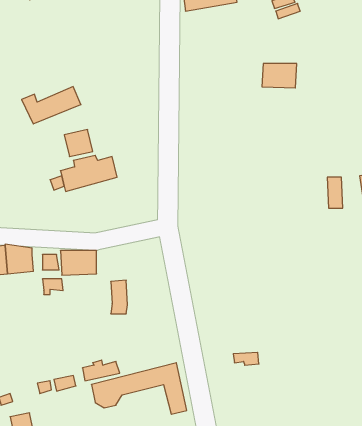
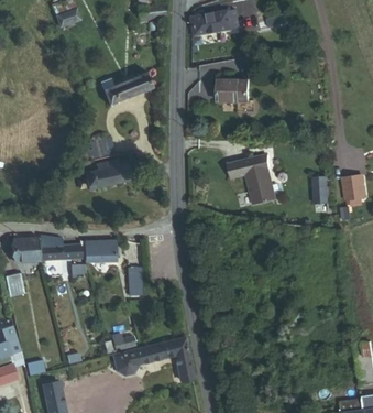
building: [262,64,297,88] -> [218,81,248,102]
building: [22,87,81,124] -> [101,70,152,102]
building: none -> [228,156,275,205]

